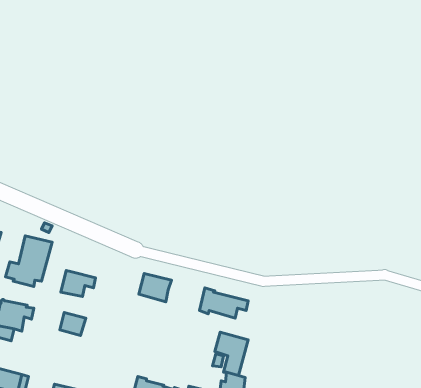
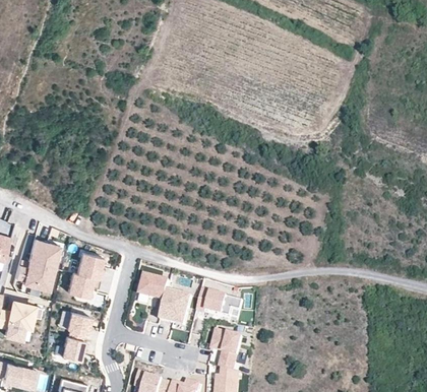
building: none -> [77,253,103,280]
building: none -> [162,291,193,327]
building: none -> [62,337,85,361]

